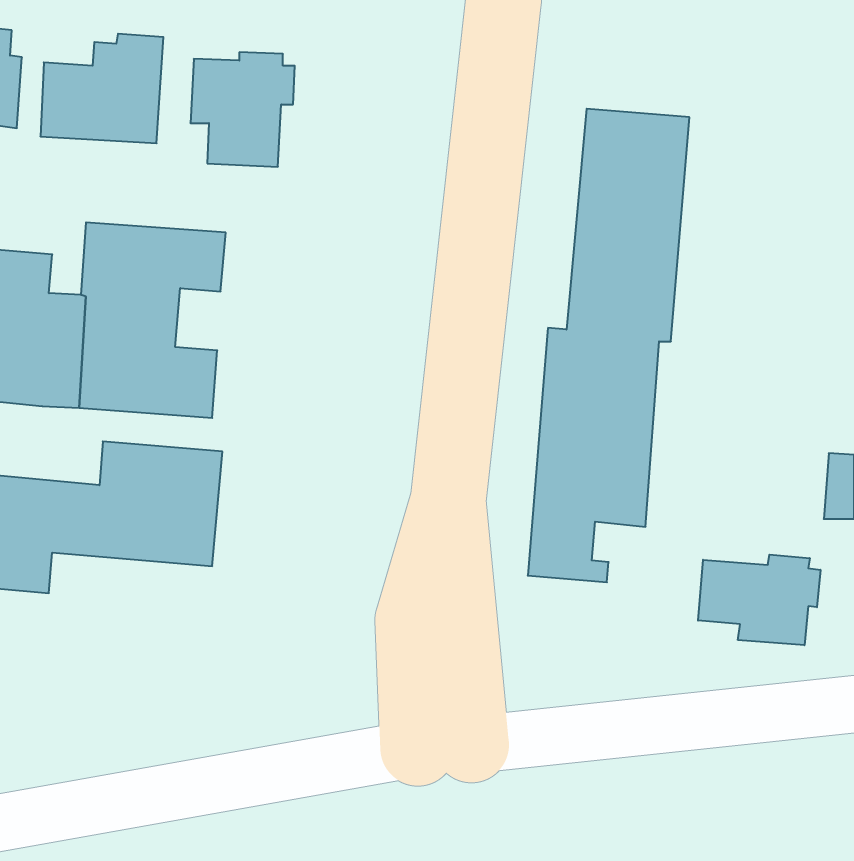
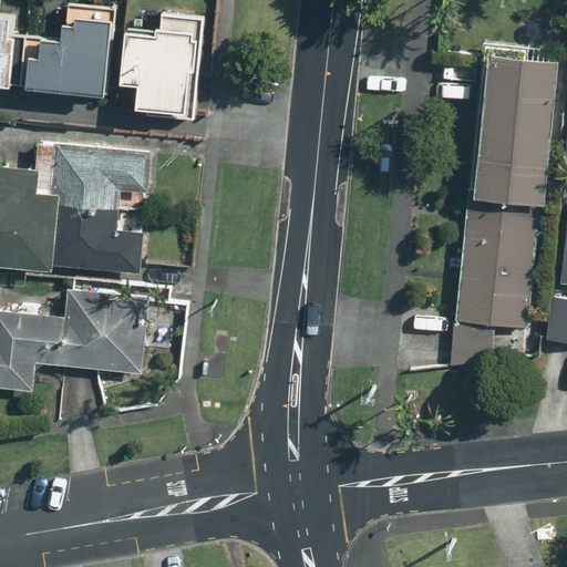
building: [528,109,689,582] -> [450,55,556,367]
building: [698,555,820,645] -> none

